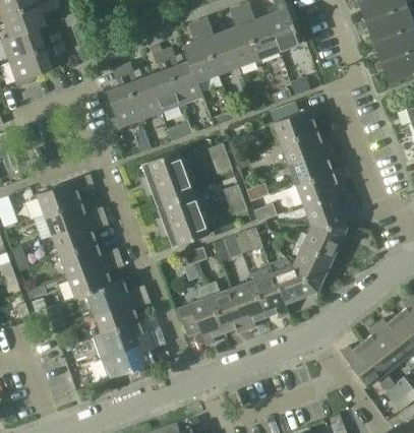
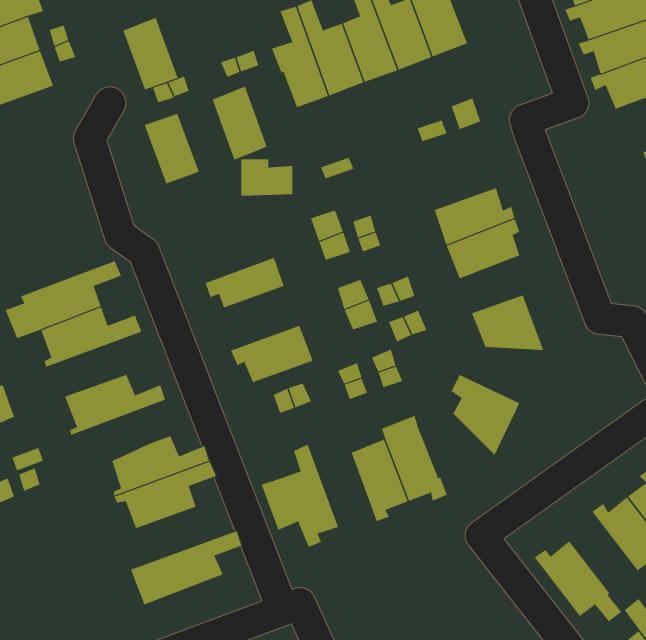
building: [168,61,203,106] -> none
building: [127,77,161,121] -> [122,17,178,90]
building: [274,108,318,143] -> none
building: [140,150,185,187] -> none
building: [296,171,346,205] -> none
building: [155,189,200,228] -> none
building: [48,216,109,255] -> none
building: [296,226,347,259] -> none
building: [63,257,124,299] -> none
building: [272,265,317,304] -> none
building: [205,281,246,333] -> none
building: [92,321,163,359] -> none
building: [362,324,403,373] -> none

